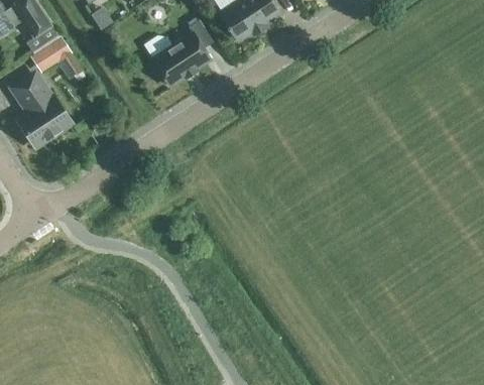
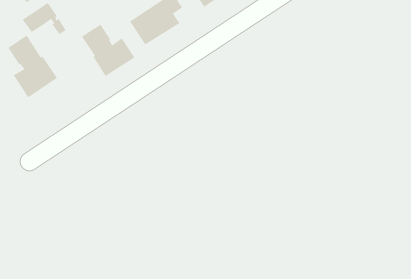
building: none -> [81,24,135,77]

